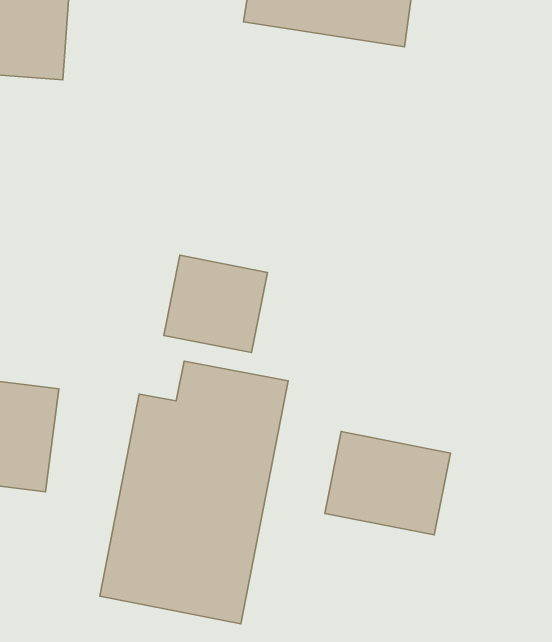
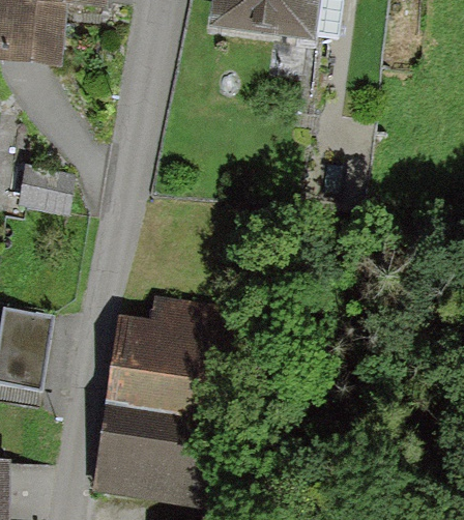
building: [164,255,267,352] -> none
building: [325,432,451,535] -> none

